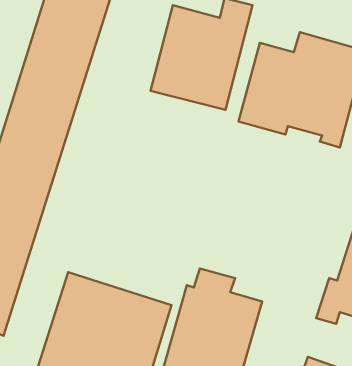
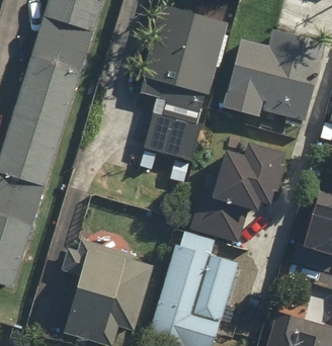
building: none -> [145,96,205,183]
building: none -> [191,142,288,244]

